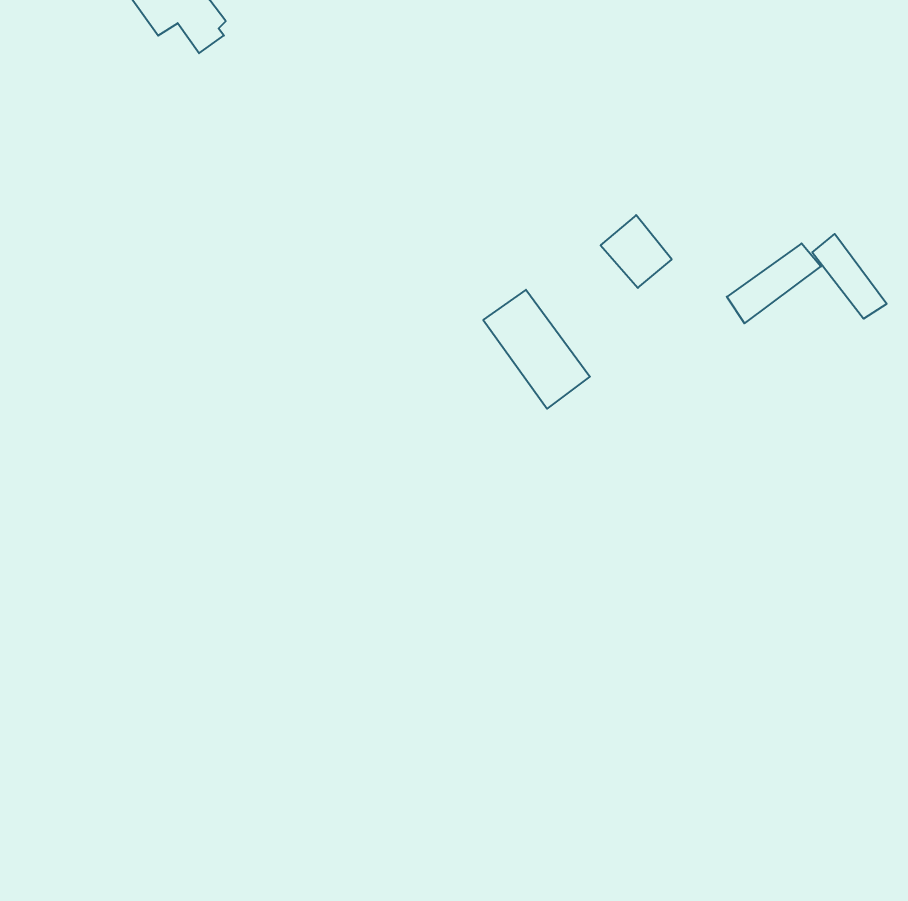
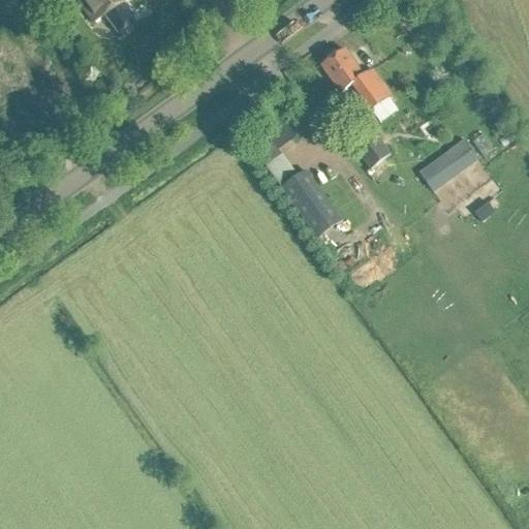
building: none -> [320,48,392,114]
building: [812,234,887,319] -> none

